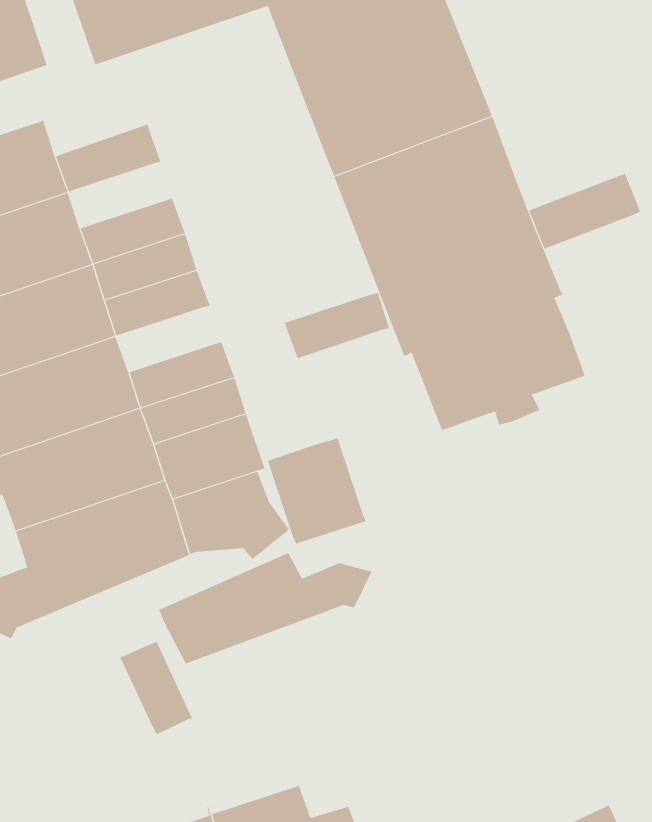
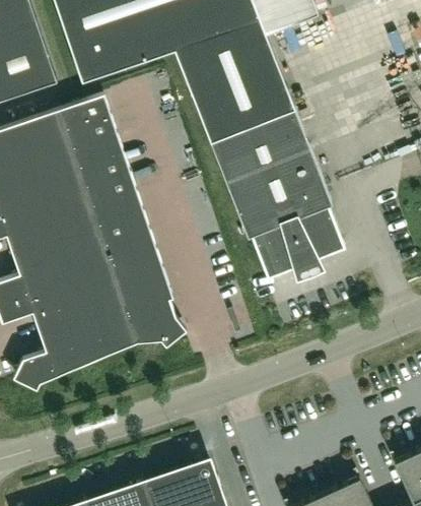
building: none -> [54,93,110,130]
building: none -> [67,133,123,169]
building: [529,173,641,250] -> none
building: [284,292,390,359] -> [92,210,149,246]
building: [267,438,367,544] -> none
building: [158,552,373,667] -> none
building: [119,641,193,735] -> none

